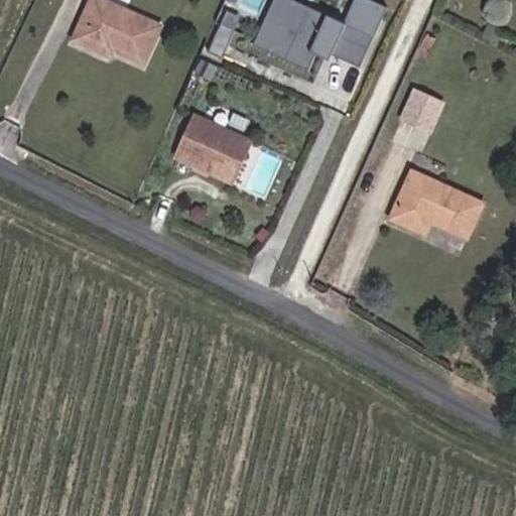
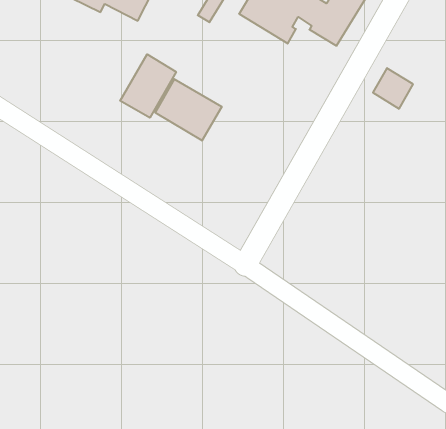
building: none -> [120,54,176,118]
building: [389,171,480,236] -> none

